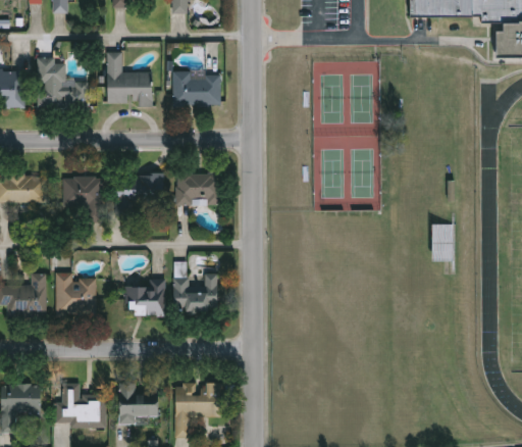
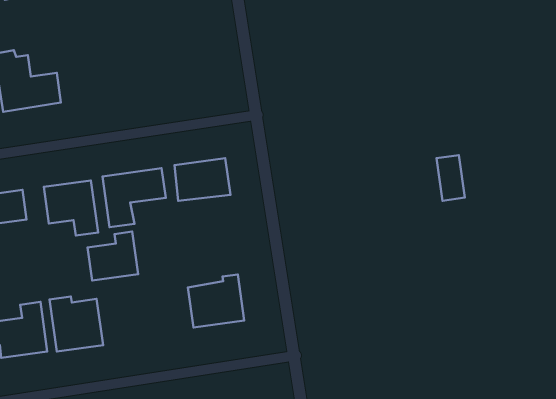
building: [107,52,152,105] -> none
building: [173,72,220,105] -> none
building: [432,225,452,261] -> [436,155,465,201]
building: [125,279,165,315] -> [87,232,138,281]

